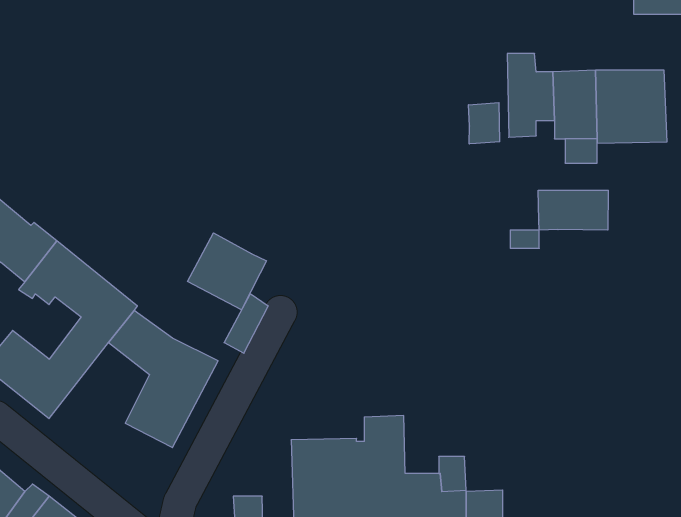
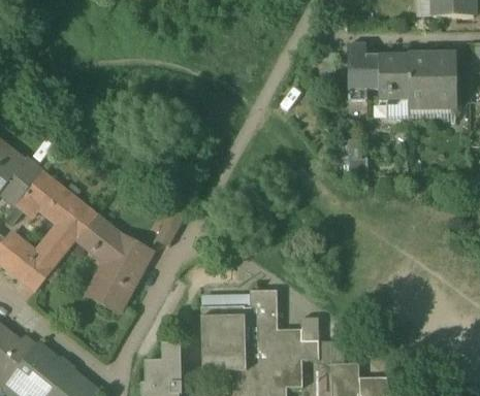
building: [469,103,500,144] -> none
building: [538,190,608,230] -> none
building: [188,233,266,310] -> none

